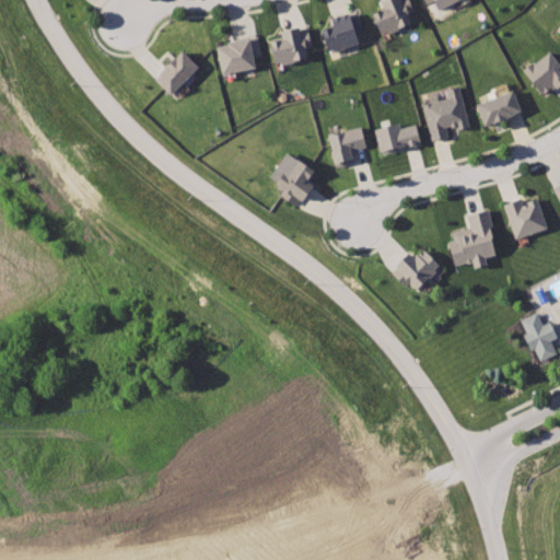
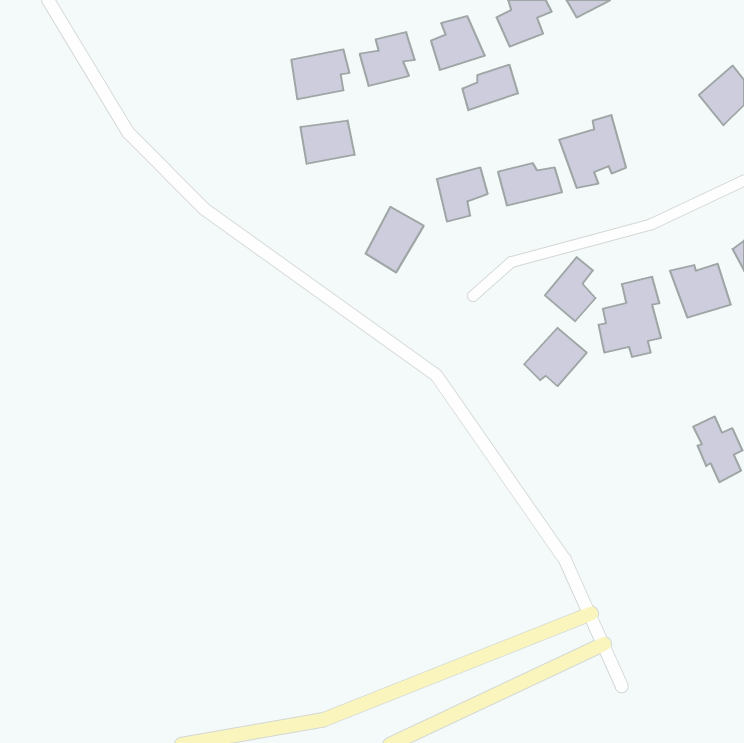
building: none -> [462,65,518,110]
building: [155,51,198,94] -> none
building: [477,91,522,127] -> none
building: none -> [301,120,355,164]
building: none -> [545,257,596,321]

